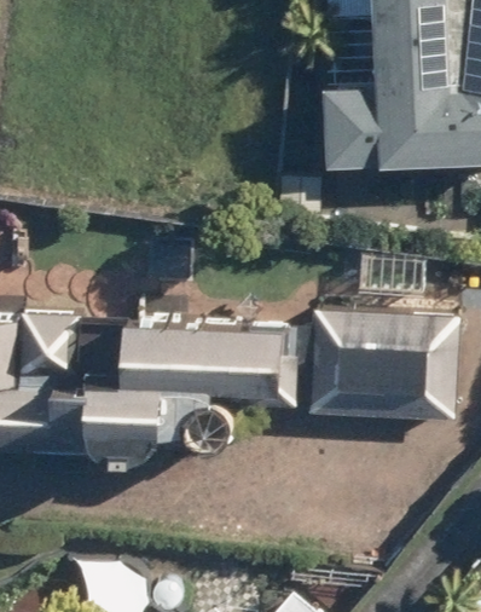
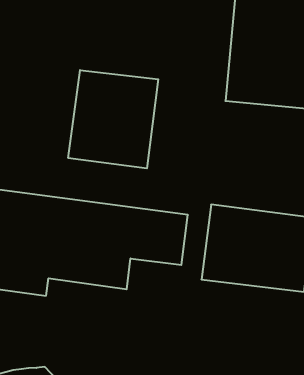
building: none -> [68,70,158,168]

